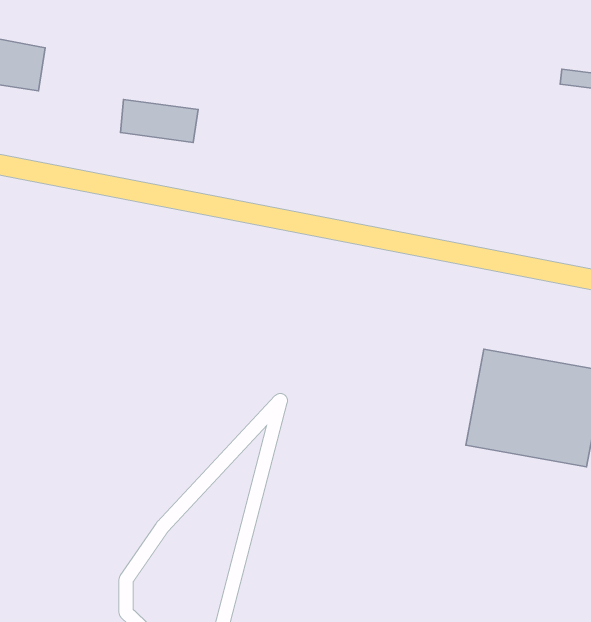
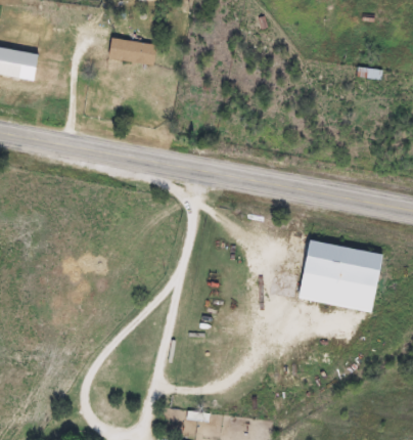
building: [120,100,198,143] -> [108,38,156,64]

